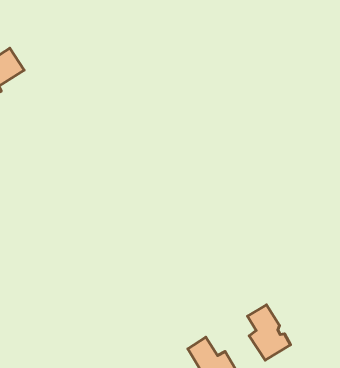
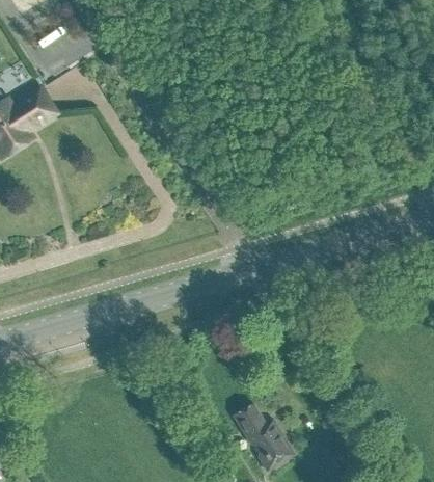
building: [248,305,291,360] -> none

